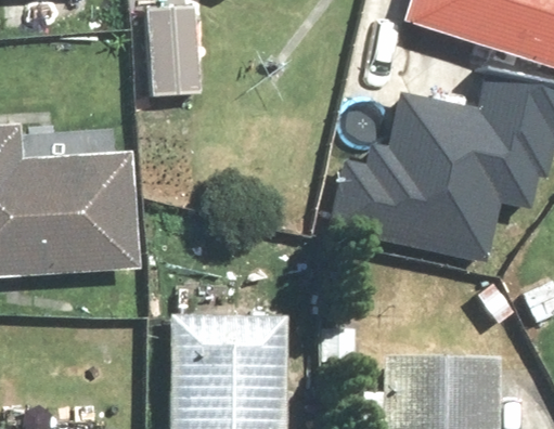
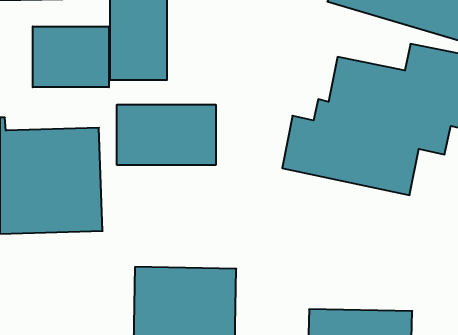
building: none -> [33,26,109,87]
building: none -> [117,105,216,165]

